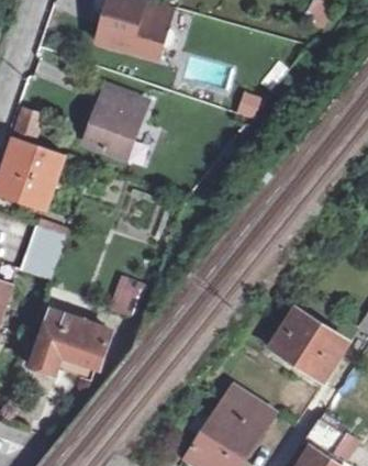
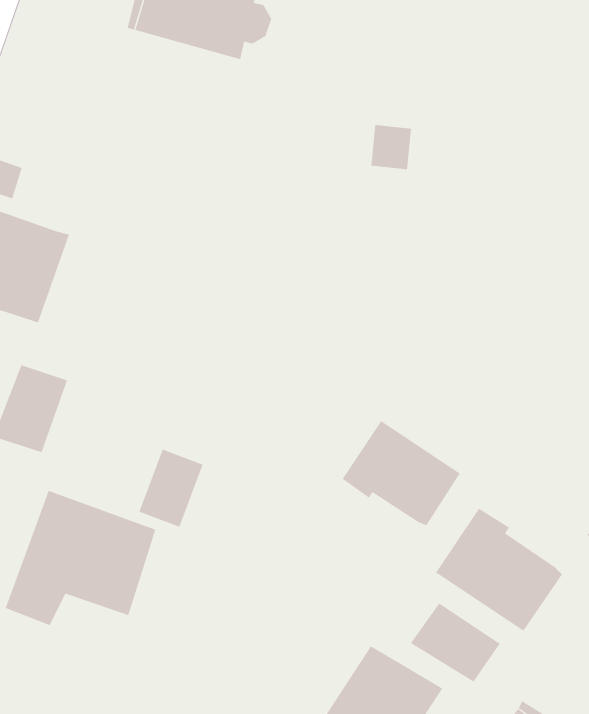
building: [85,90,146,162] -> none
building: none -> [342,420,461,526]
building: none -> [411,603,500,683]

